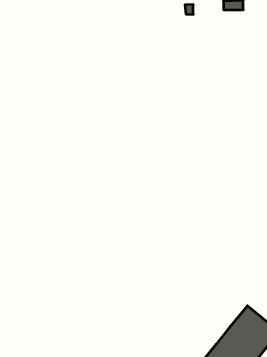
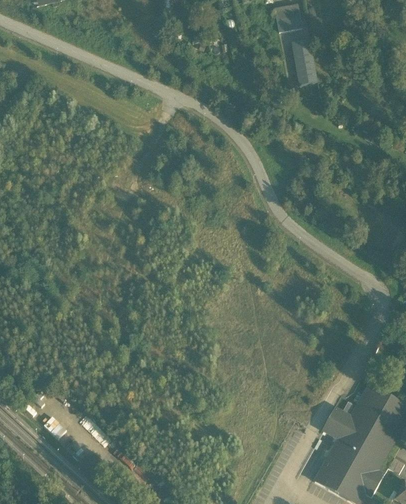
building: none -> [291,36,317,83]
building: none -> [323,406,350,437]

